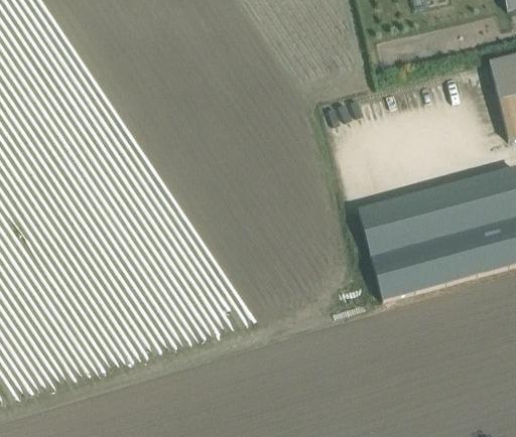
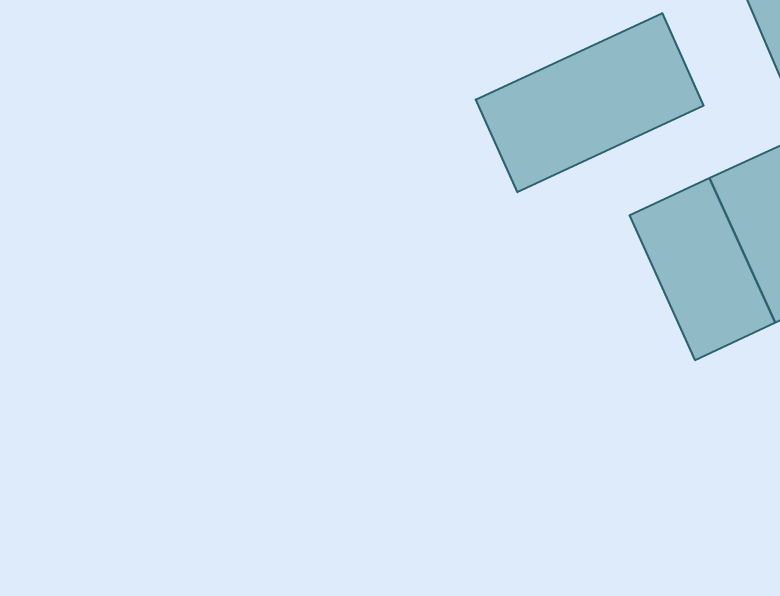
building: none -> [476,13,704,192]
building: [359,195,430,299] -> none

